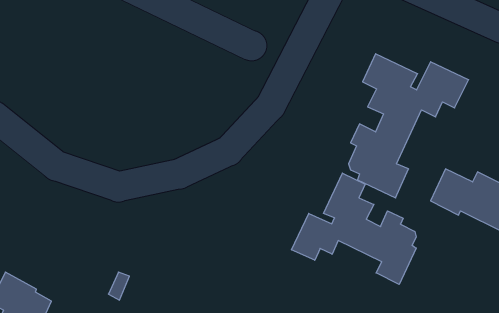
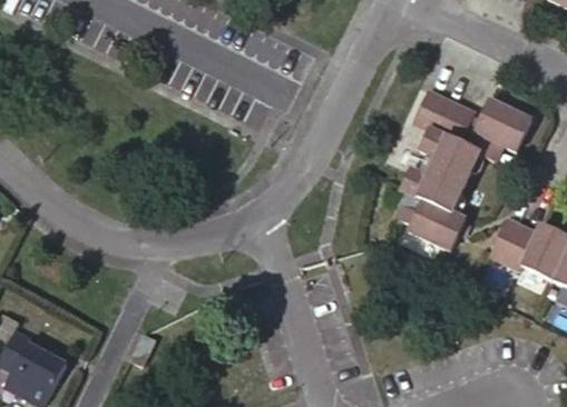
building: [292,173,416,284] -> none

